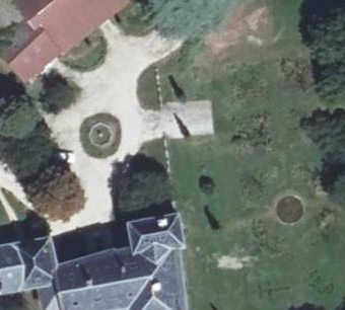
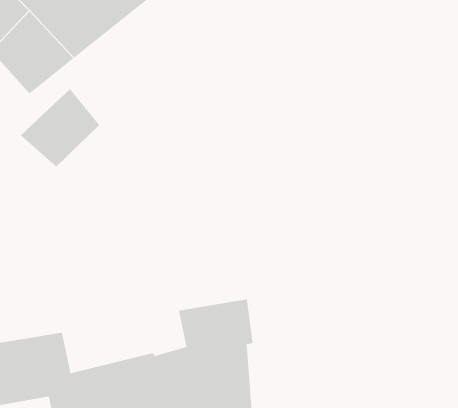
building: none -> [20,88,100,168]

